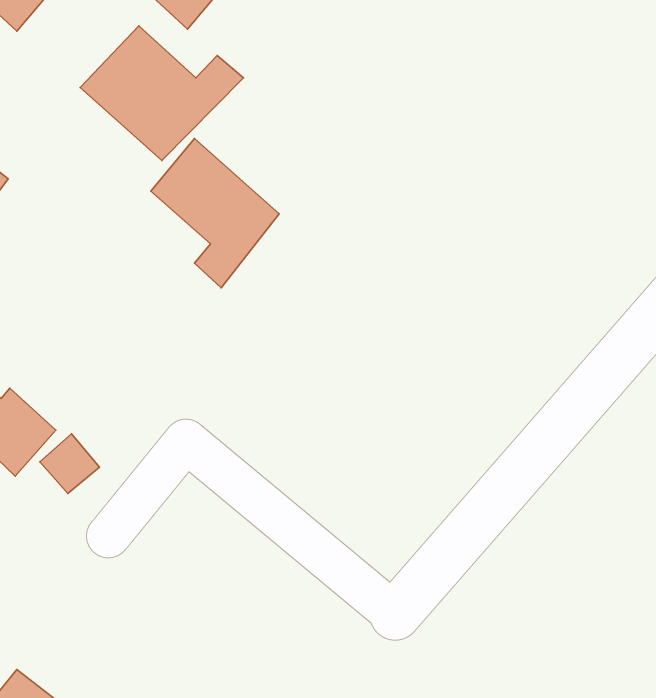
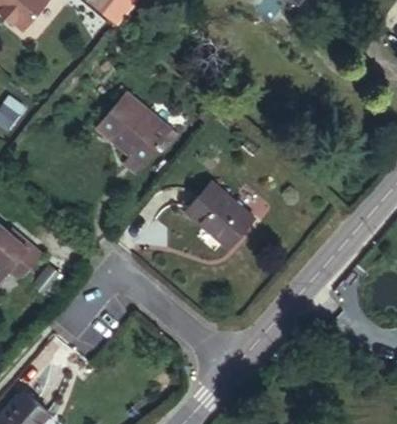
building: [80,26,244,161] -> none
building: none -> [183,180,254,248]

